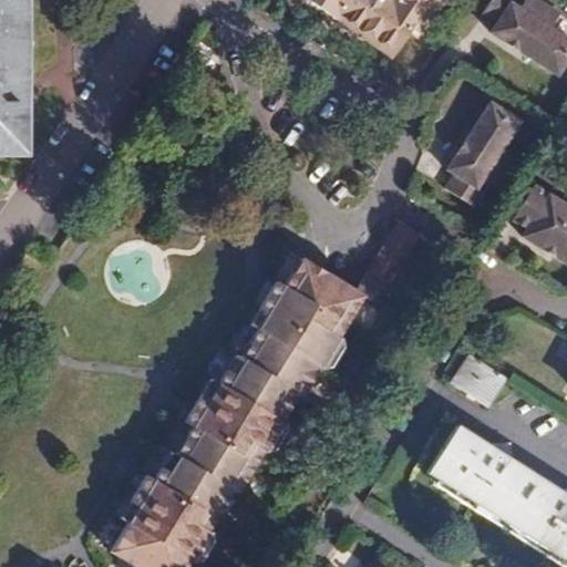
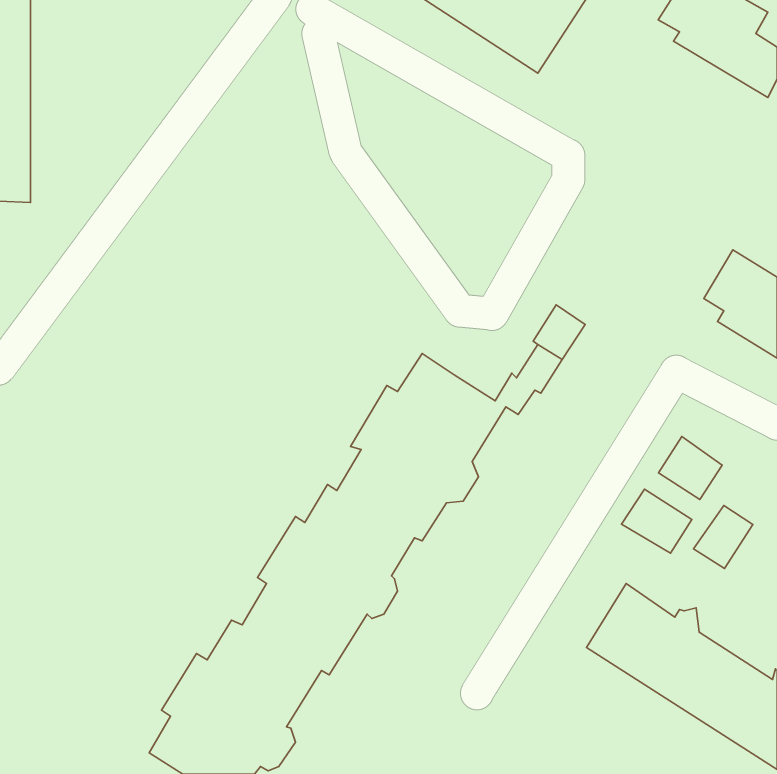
building: [444,99,519,205] -> none
building: none -> [659,436,722,499]
building: none -> [694,506,753,569]

